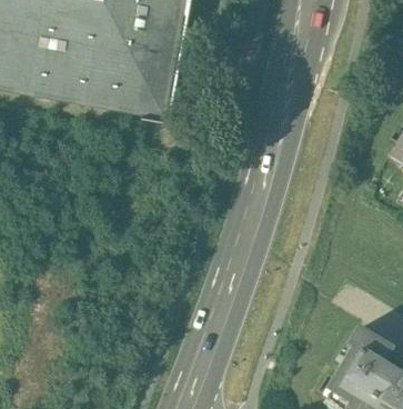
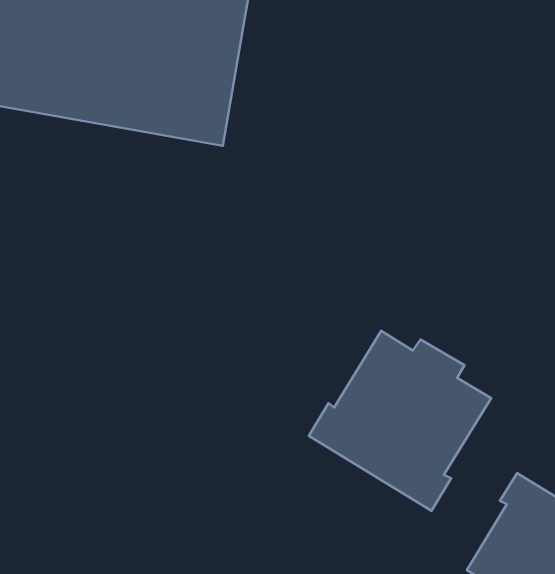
building: none -> [309,331,491,511]

